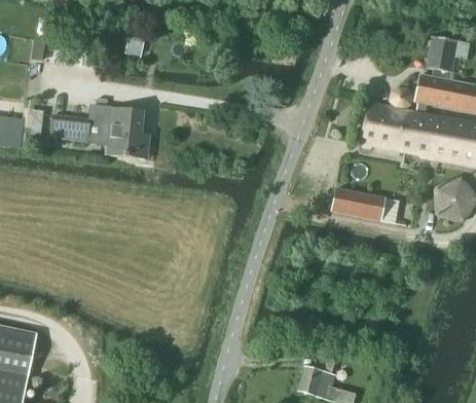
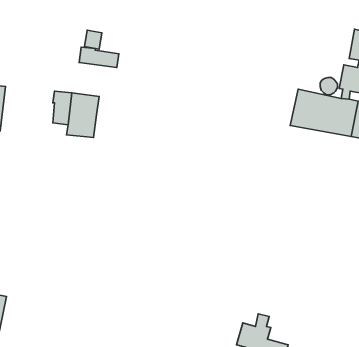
building: none -> [79,47,119,67]
building: [49,114,91,140] -> none
building: [331,188,398,222] -> none

